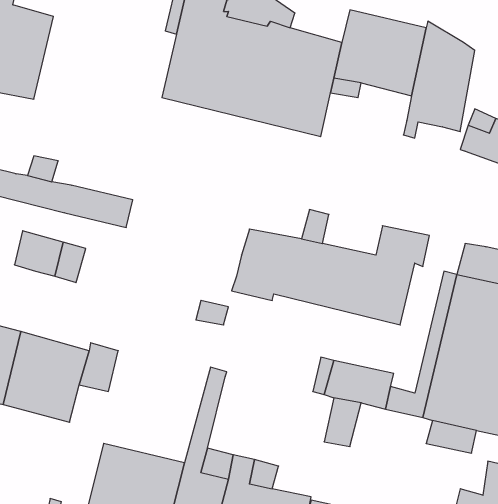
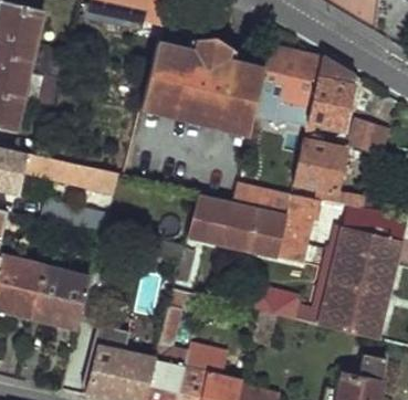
building: none -> [290,133,363,209]

